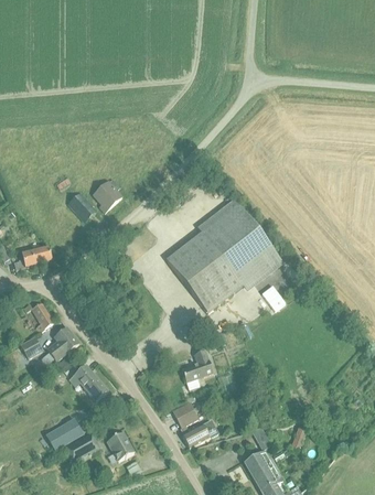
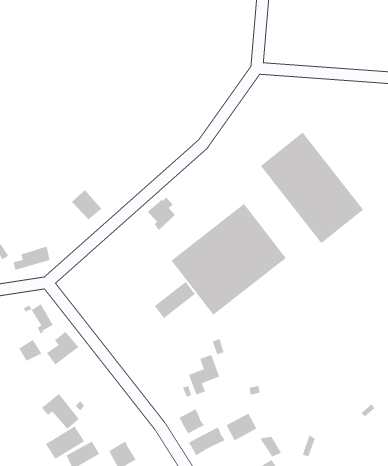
building: none -> [260,132,364,244]
building: [94,177,121,211] -> [147,196,176,231]
building: none -> [154,281,196,319]
building: [67,363,105,398] -> [41,393,80,430]
building: none -> [226,412,257,441]

